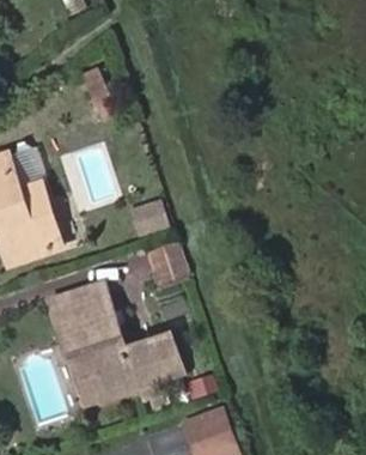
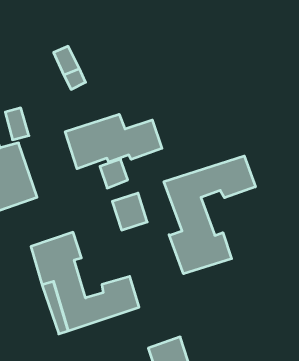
building: none -> [65,114,162,169]
building: none -> [164,156,255,274]

